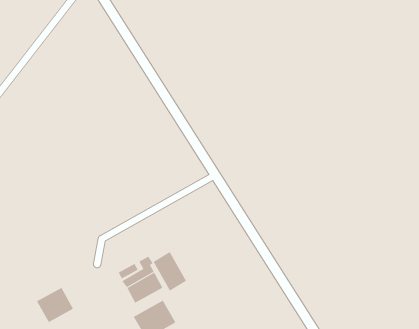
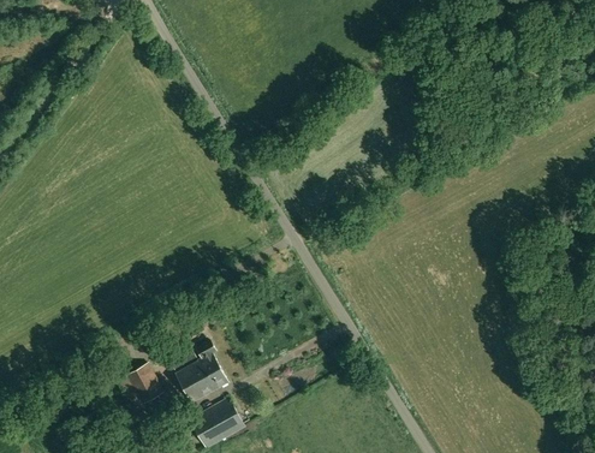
building: [153,251,187,292] -> none
building: [36,287,74,323] -> [118,364,166,410]

